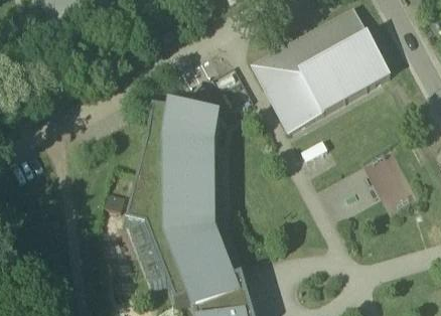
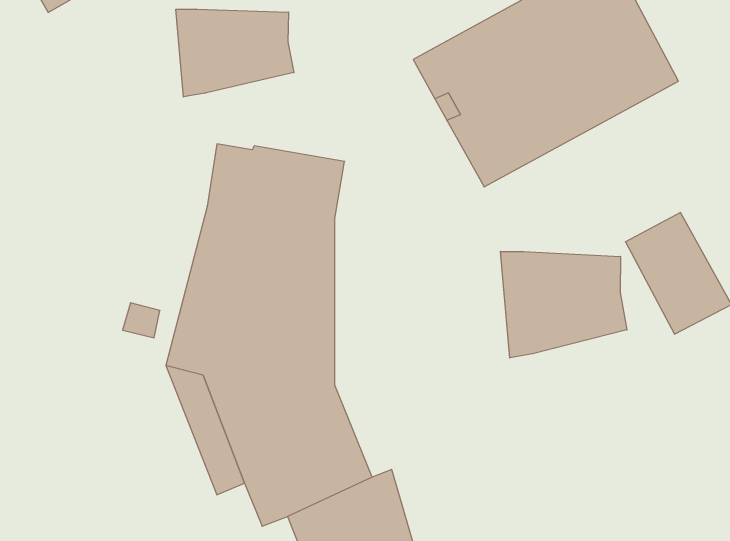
building: none -> [176,9,294,97]
building: none -> [500,251,627,358]

